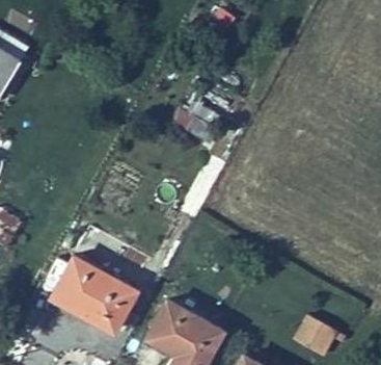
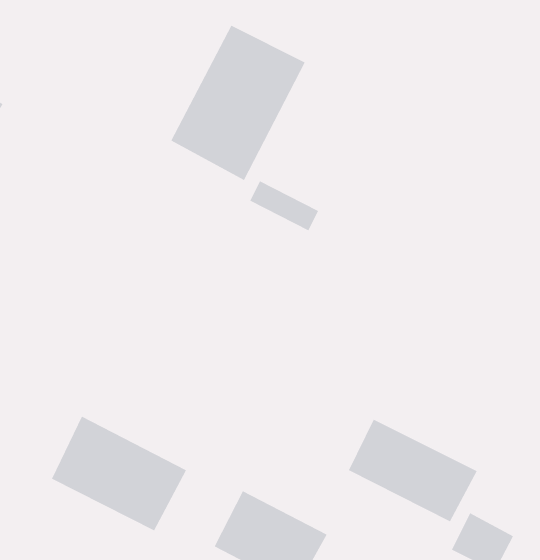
building: none -> [171,25,305,181]
building: none -> [348,419,478,522]

